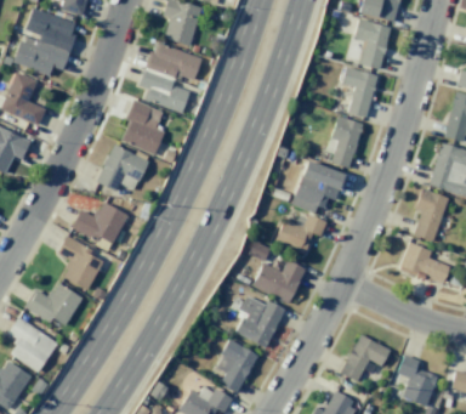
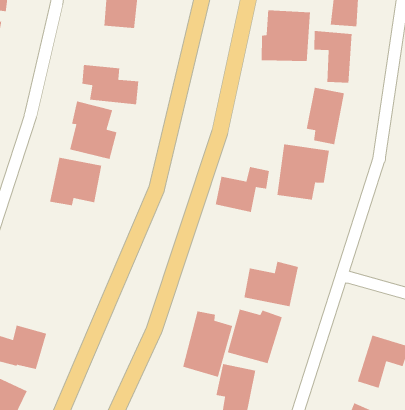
building: [148,41,203,83] -> none
building: none -> [261,9,311,62]
building: [72,202,129,244] -> none
building: [275,214,326,254] -> [215,166,270,213]
building: [59,236,103,290] -> none
building: none -> [182,310,233,378]

